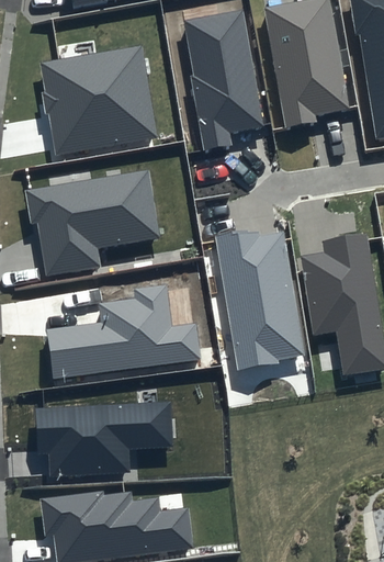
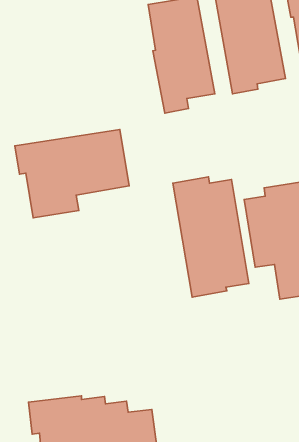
building: [41,45,158,155] -> none
building: [47,284,201,378] -> none
building: [35,401,173,476] -> none

